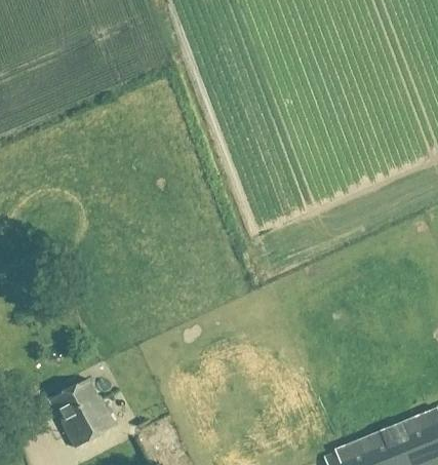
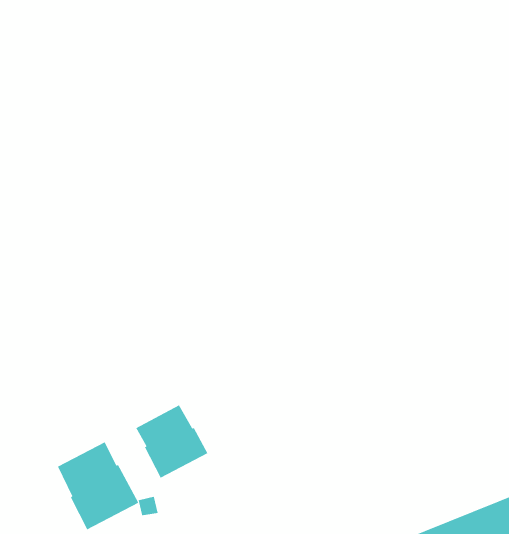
building: none -> [135,404,208,479]

